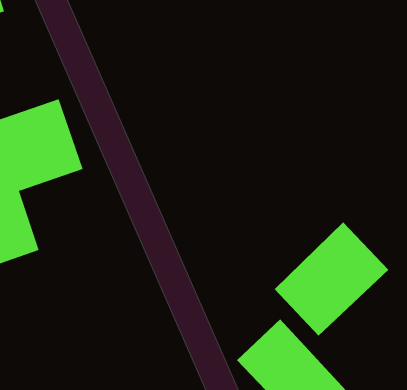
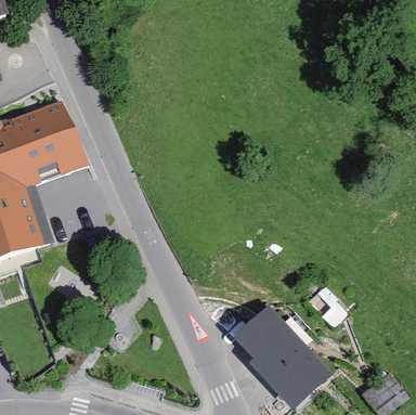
building: [274,221,389,336] -> none

